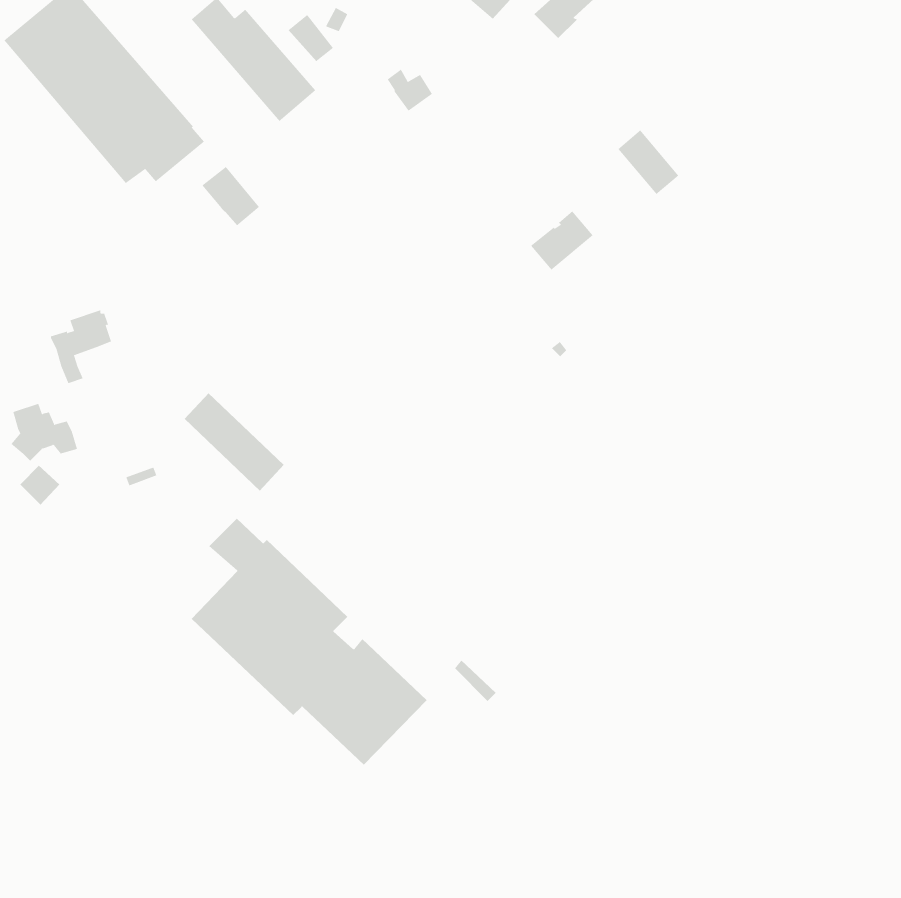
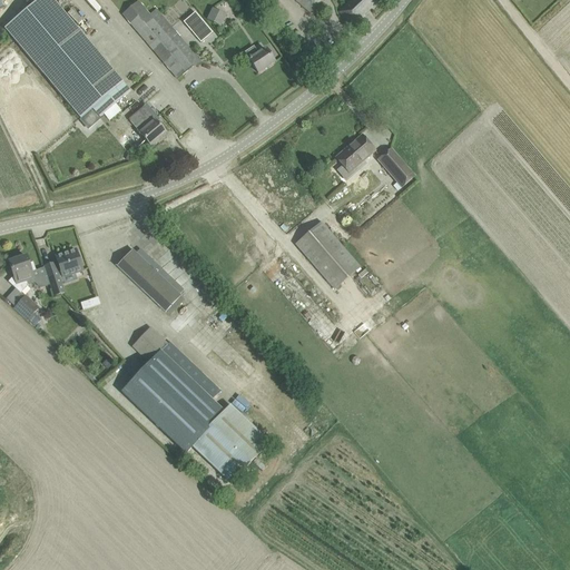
building: [617,130,679,195] -> [375,145,414,186]
building: [50,310,112,384] -> [42,247,81,294]
building: none -> [295,220,358,286]

